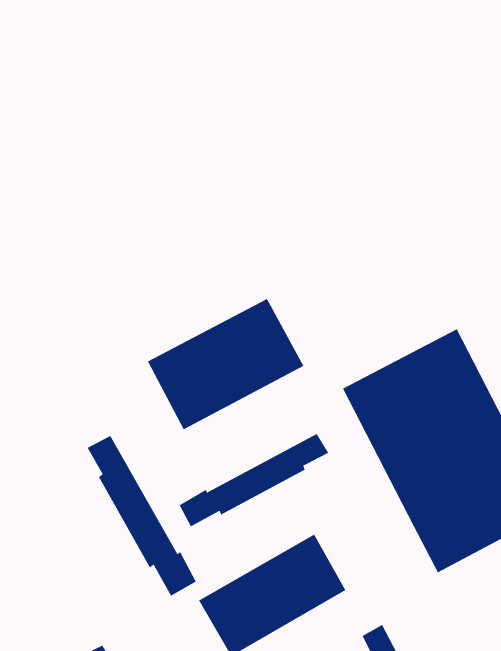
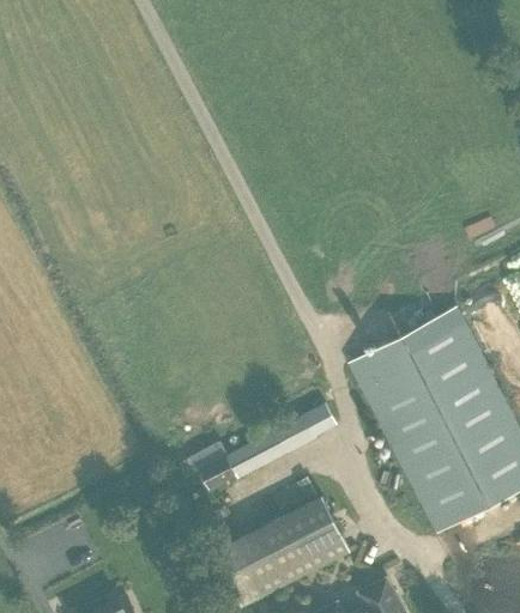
building: [147,298,304,430] -> none
building: [87,435,196,597] -> none

